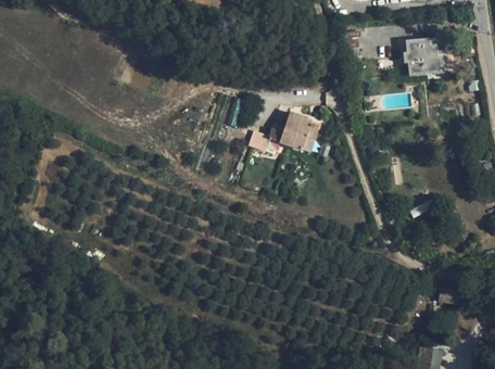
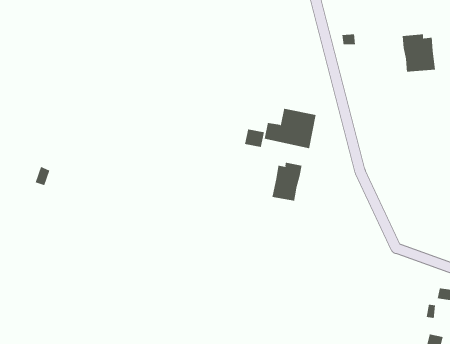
building: none -> [272,162,302,201]

